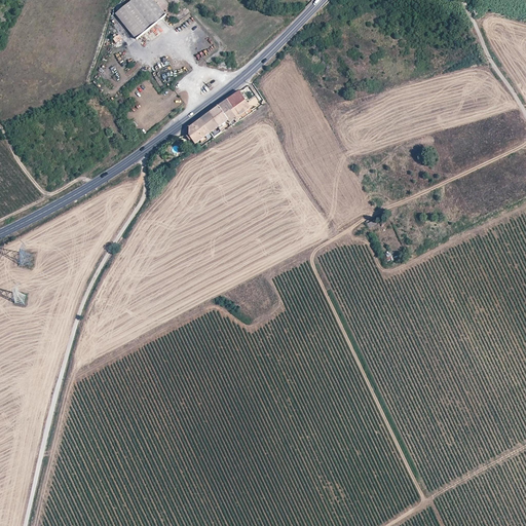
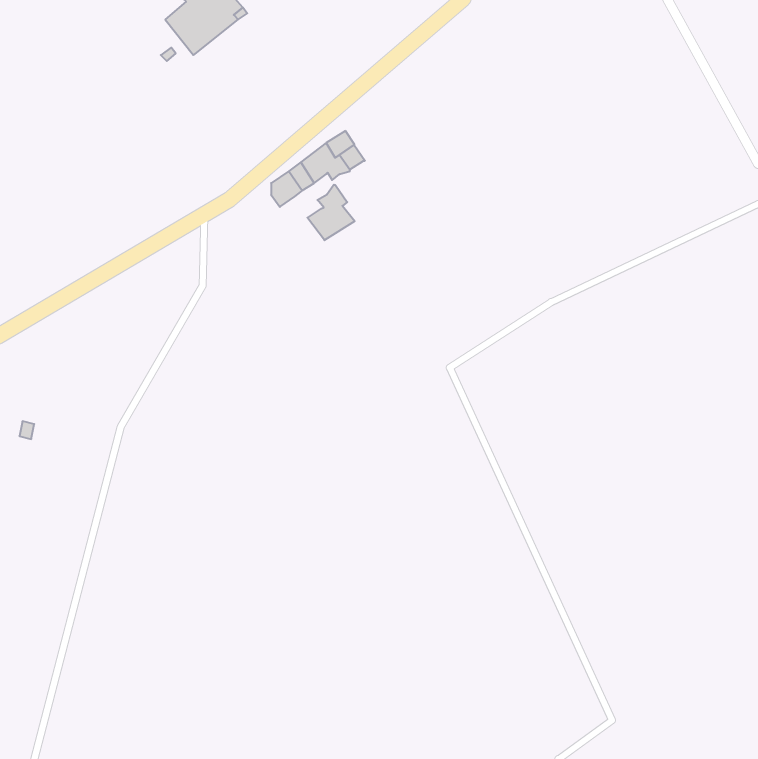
building: none -> [307,185,355,240]

